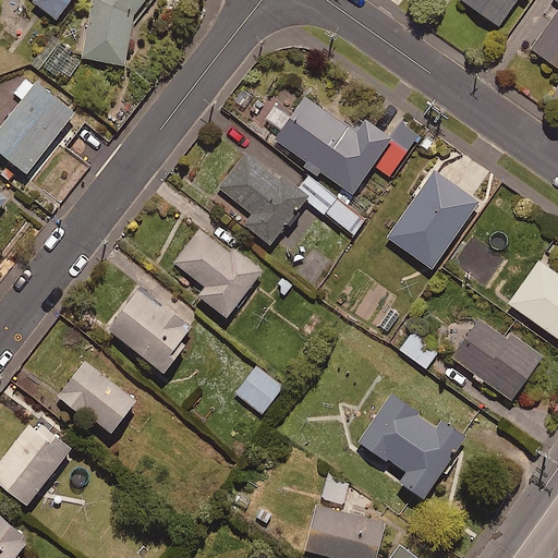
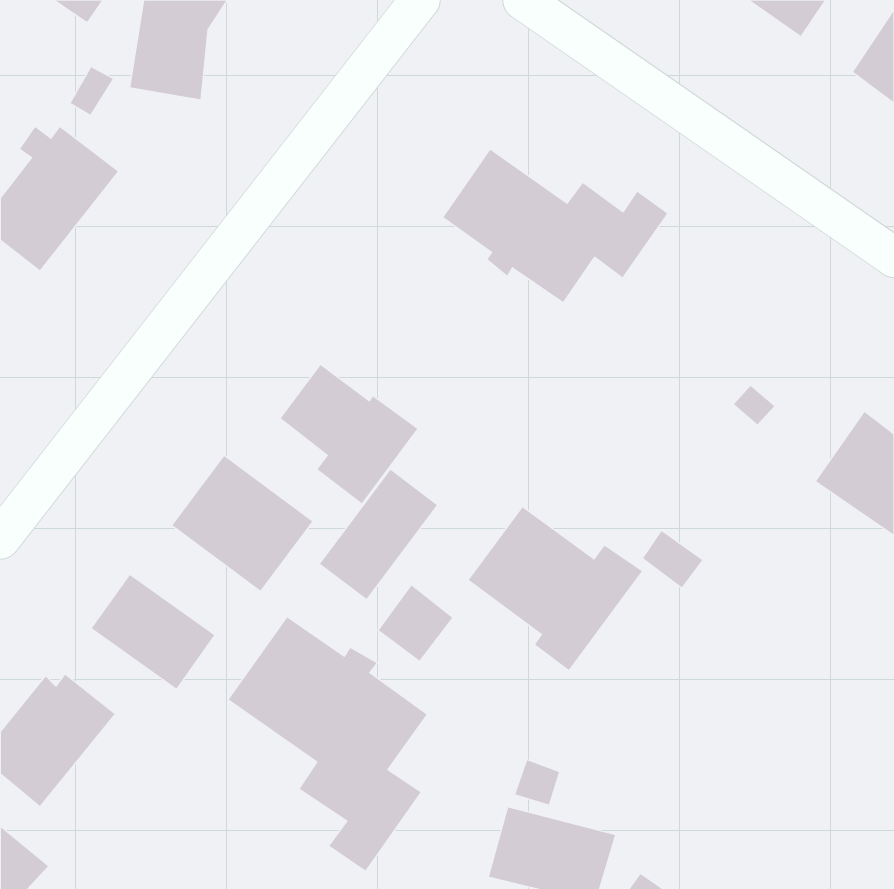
building: [219,150,365,245] -> none
building: [387,170,477,268] -> none
building: none -> [319,469,438,600]
building: [450,319,541,399] -> none
building: none -> [228,617,427,871]
building: [357,395,466,497] -> [468,506,643,671]

